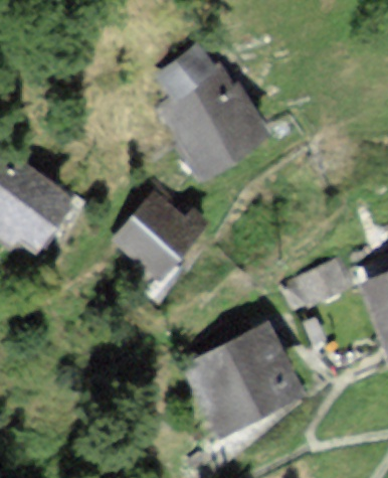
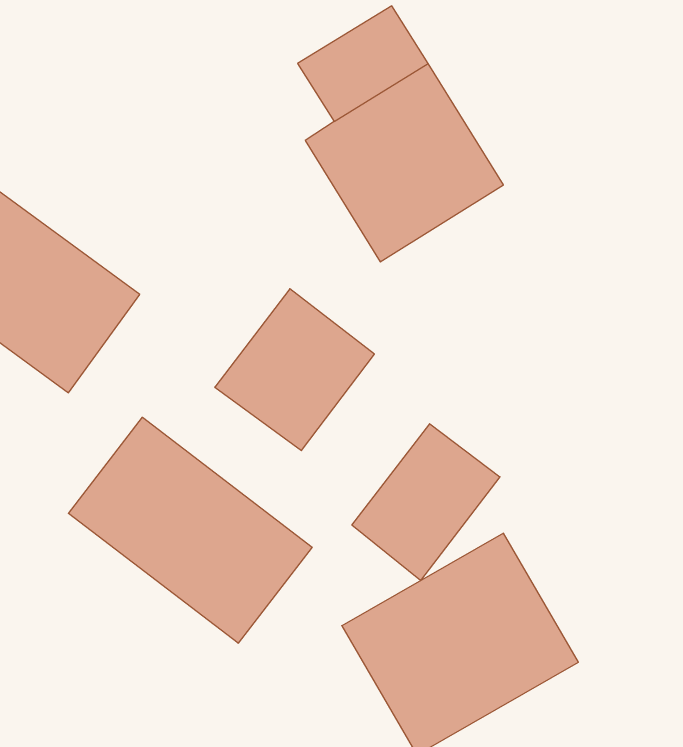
building: none -> [68,417,312,643]
building: none -> [352,424,500,581]

